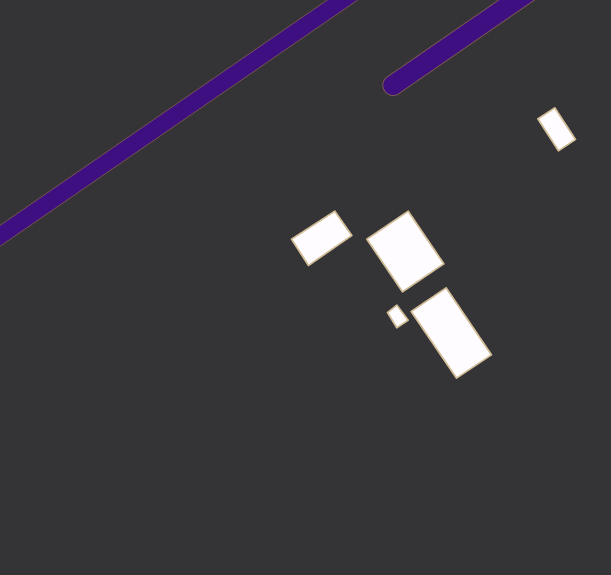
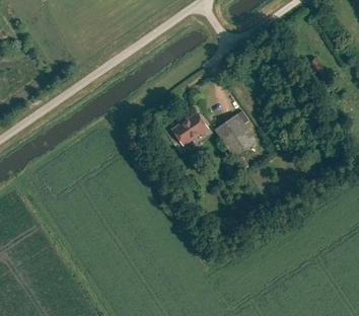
building: [411,288,491,378] -> none

